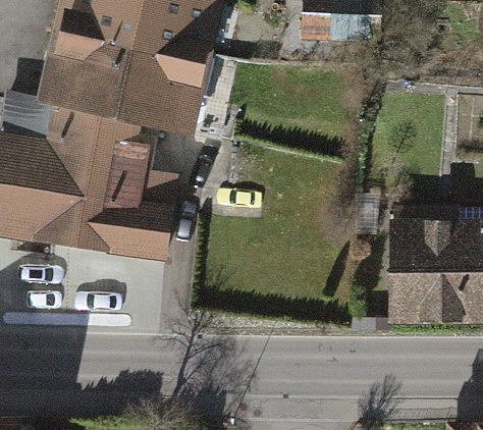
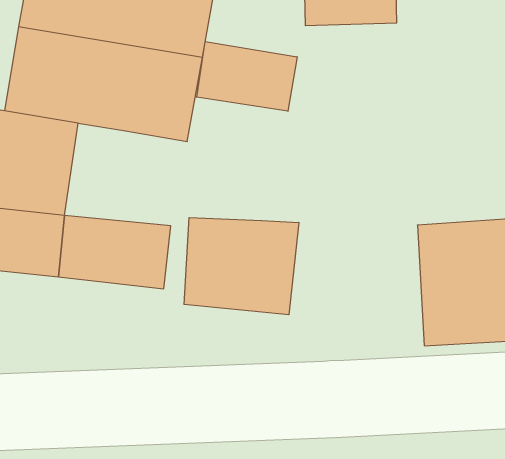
building: none -> [197,41,297,111]
building: [85,113,181,207] -> none
building: none -> [184,218,299,315]

